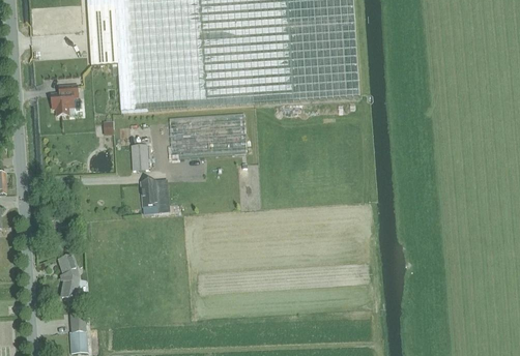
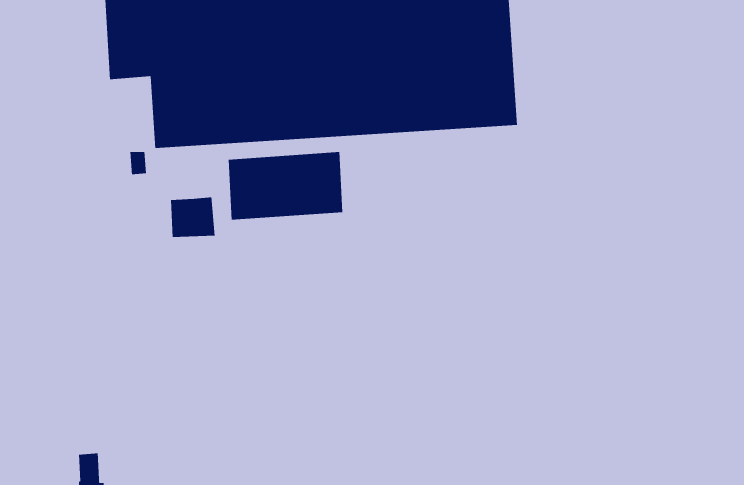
building: [51,84,78,115] -> none
building: [140,180,163,212] -> none
building: [58,255,78,297] -> none

